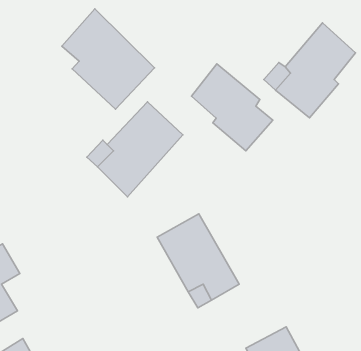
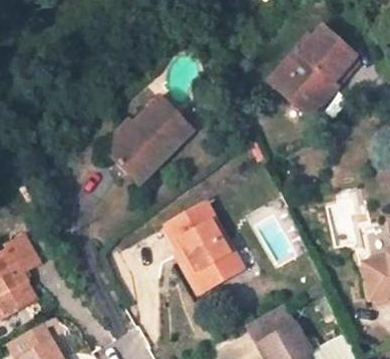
building: [62,9,154,109] -> none
building: [191,64,273,151] -> none

